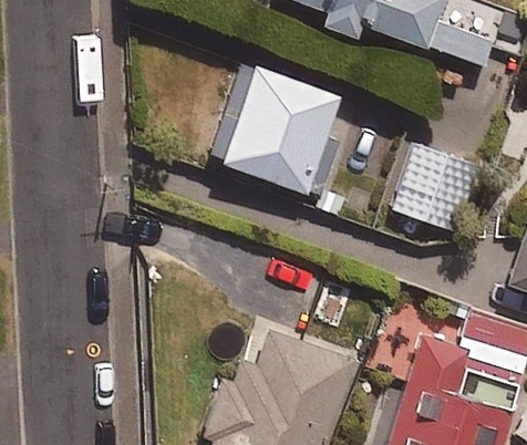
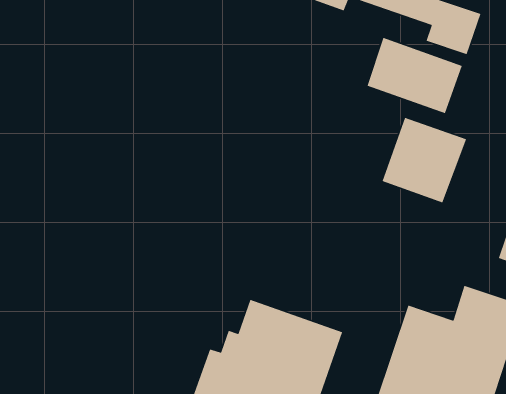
building: [211,62,343,198] -> none
building: none -> [367,37,463,114]

